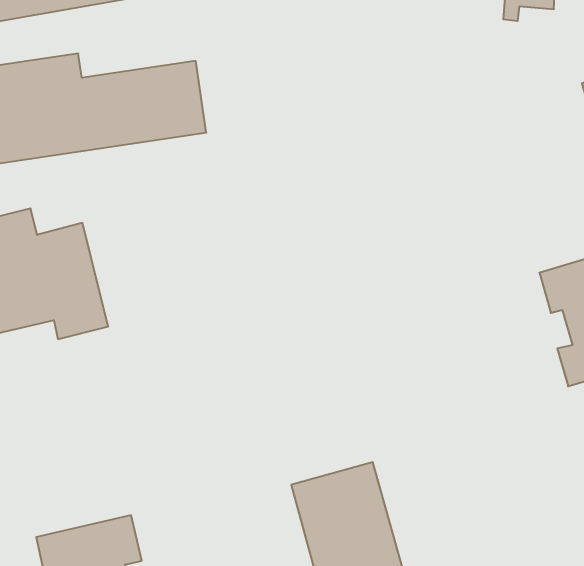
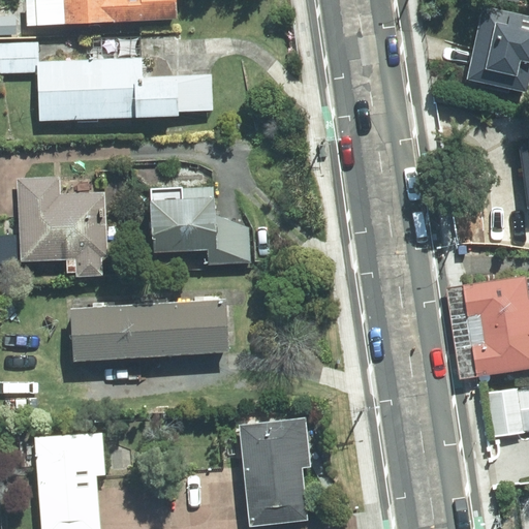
building: none -> [145,185,253,267]
building: none -> [77,298,229,361]

